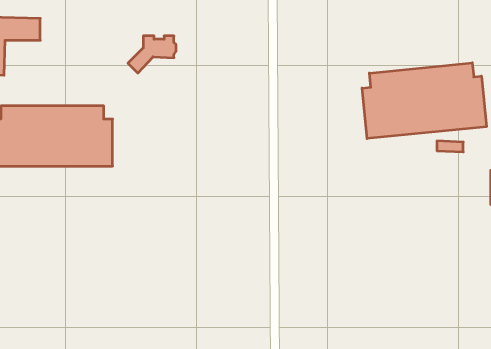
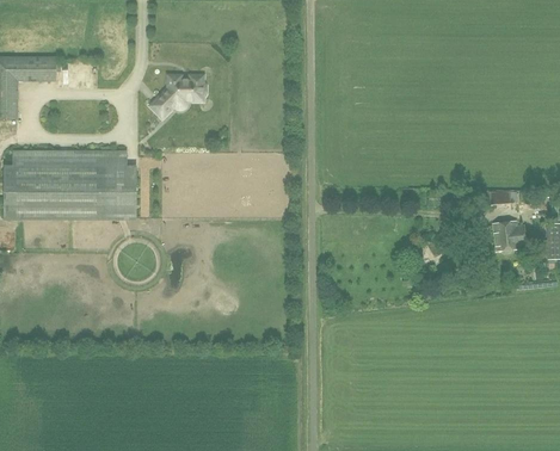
building: [362,63,486,139] -> none
building: none -> [492,221,525,252]

